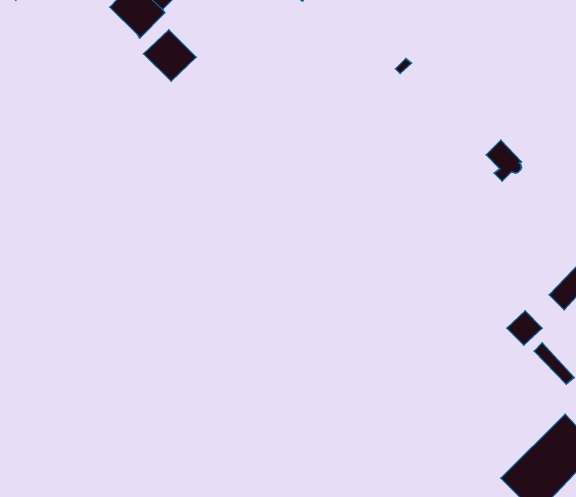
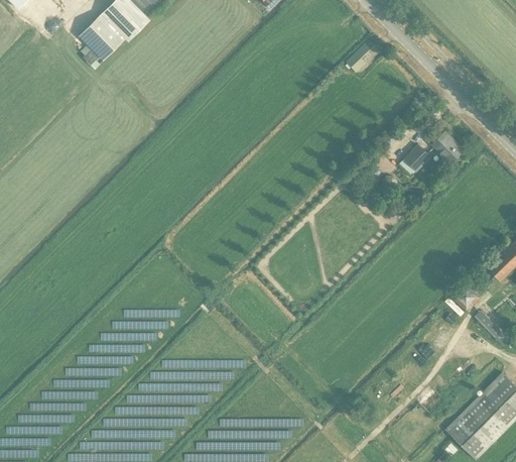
building: [143,30,196,81] -> [79,13,125,59]
building: none -> [398,143,430,175]

